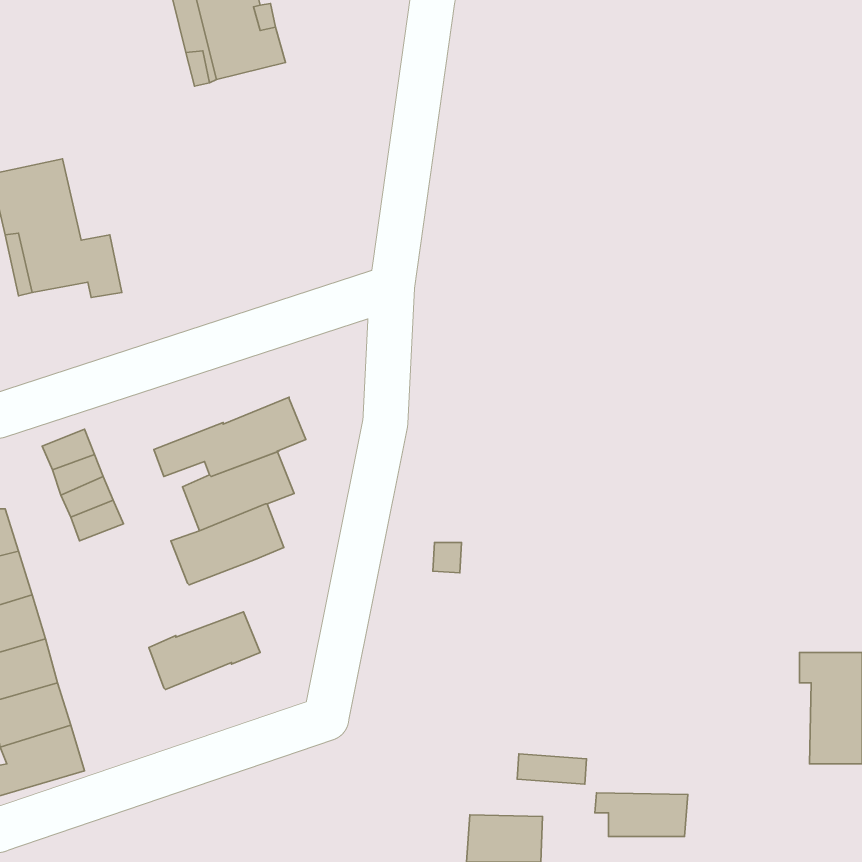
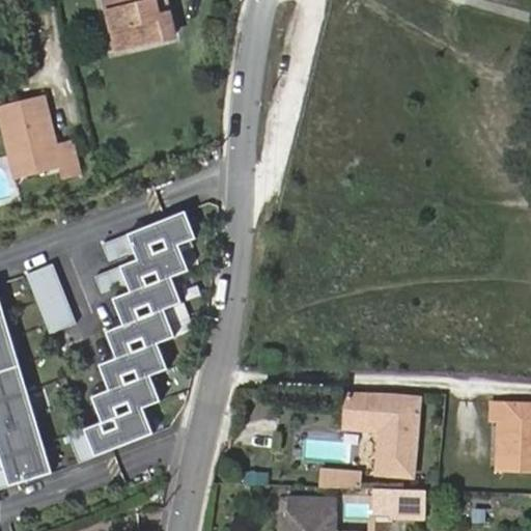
building: none -> [101,212,195,260]
building: none -> [99,343,167,391]
building: none -> [344,392,420,472]
building: none -> [67,407,152,463]

